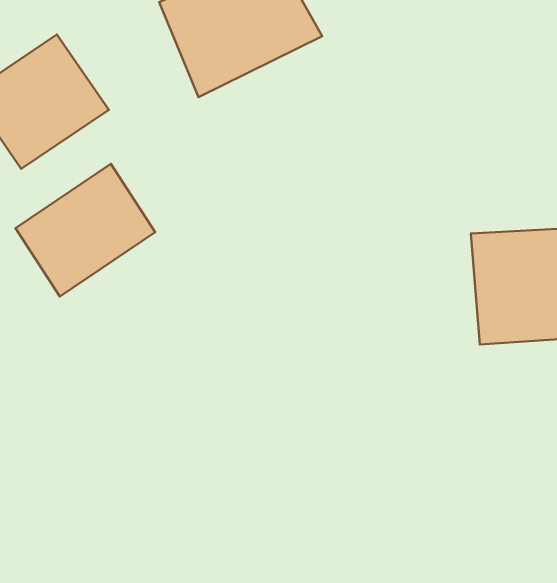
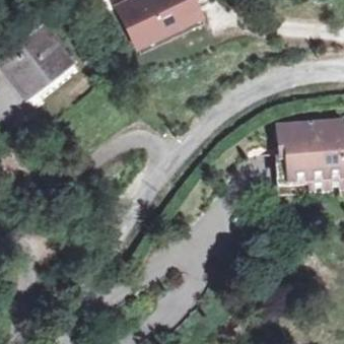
building: [15,164,155,296] -> none

